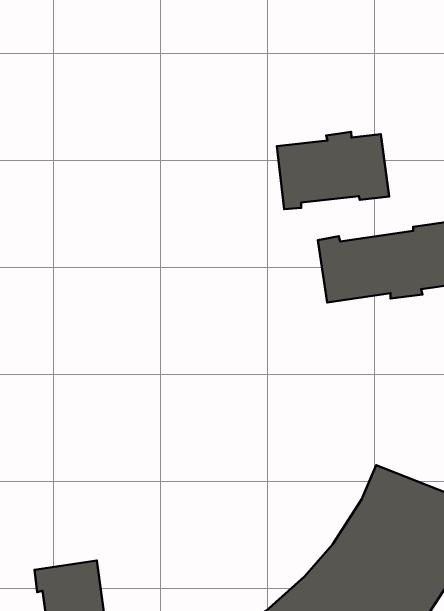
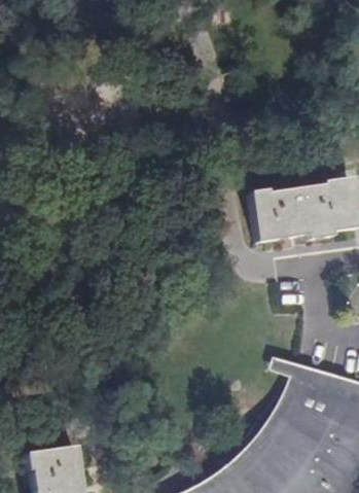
building: [277,132,389,209] -> none

